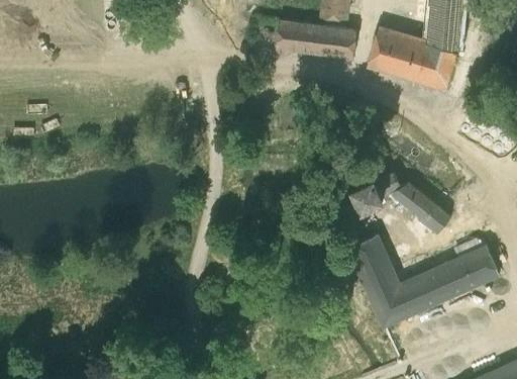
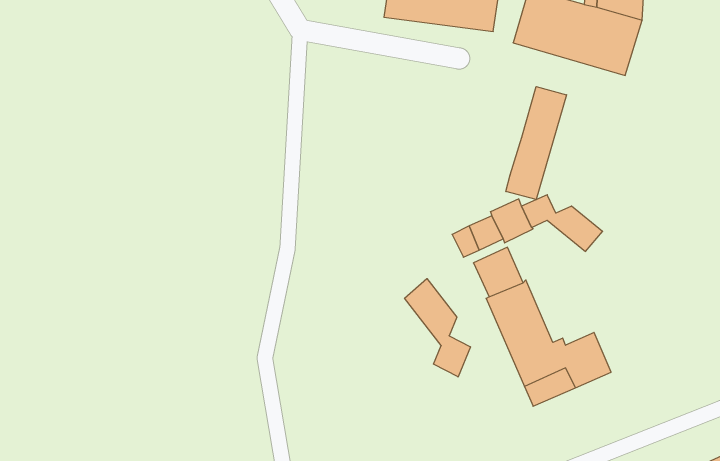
building: none -> [506,87,567,200]
building: [418,201,452,234] -> none
building: none -> [405,279,470,377]
building: [426,240,500,301] -> none

